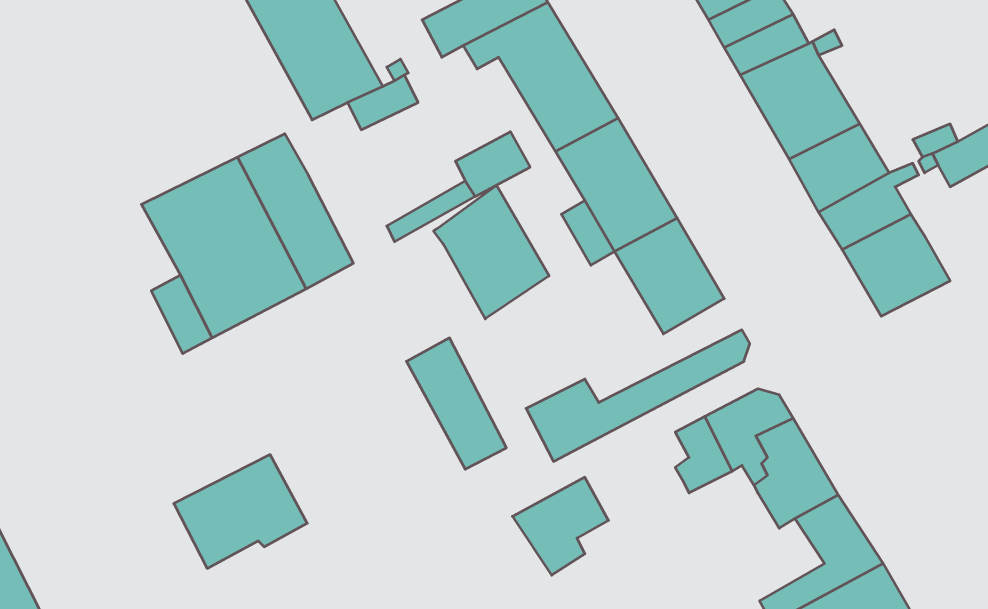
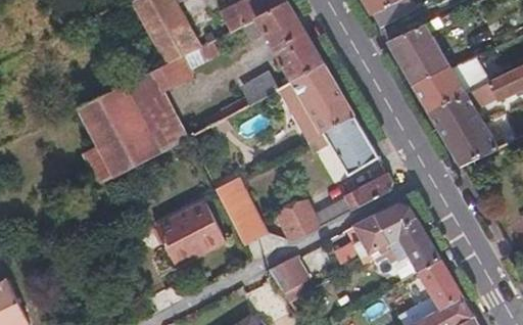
building: none -> [150,54,193,92]
building: [434,185,549,319] -> none
building: [174,455,307,568] -> [154,202,224,262]

